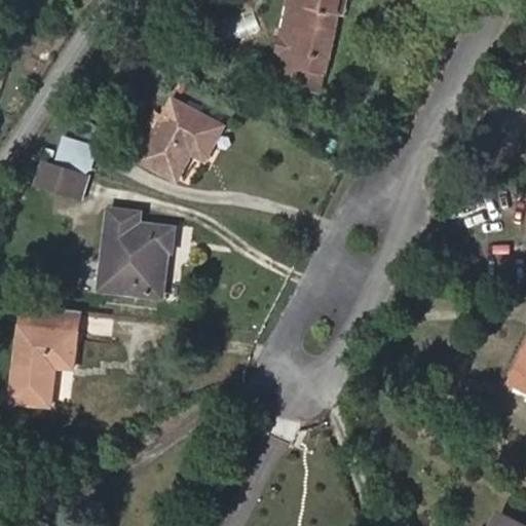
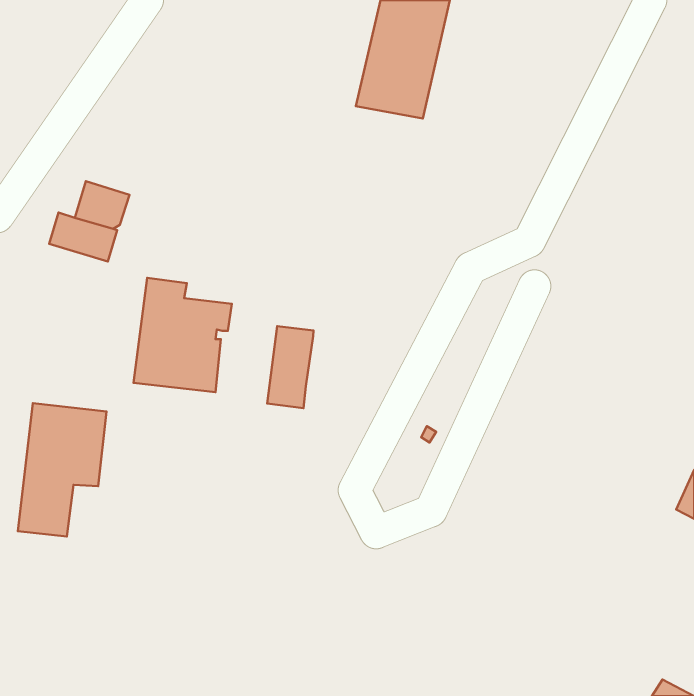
building: [143,101,223,178] -> none
building: none -> [267,326,314,408]

